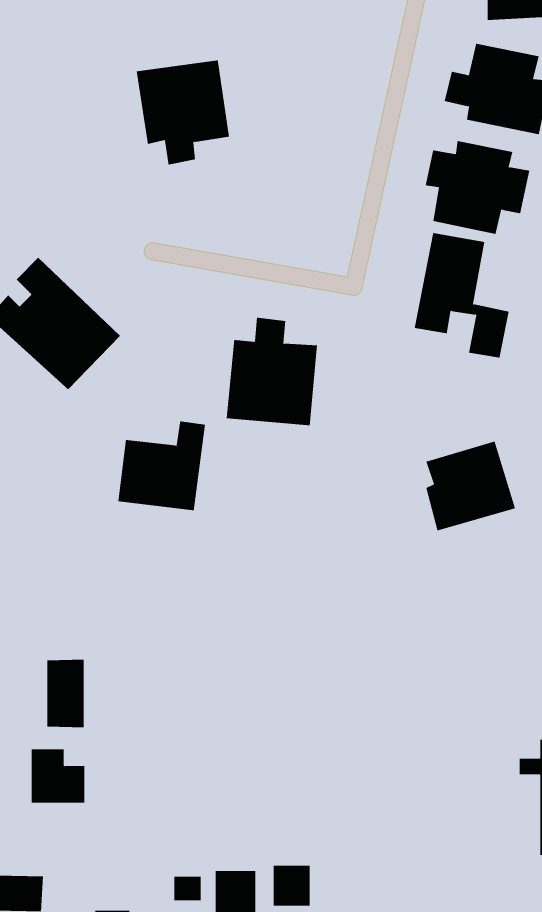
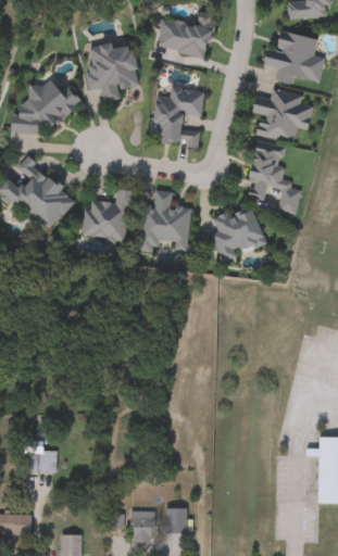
building: none -> [155,12,213,56]
building: none -> [11,85,77,135]
building: none -> [153,88,204,147]
building: [118,421,206,511] -> [82,189,133,241]
building: [426,441,516,531] -> [213,206,265,258]
building: [47,659,84,728] -> none

